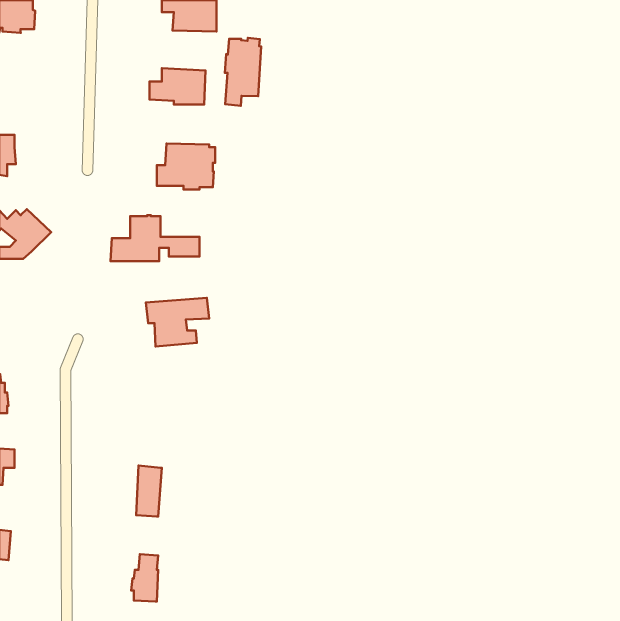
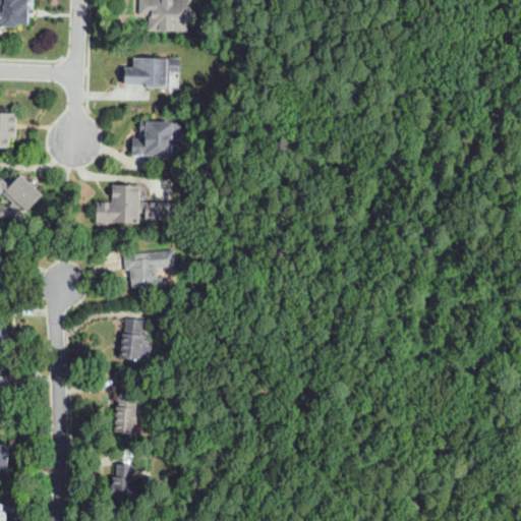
building: [225,38,261,106] -> none
building: none -> [118,319,150,363]

